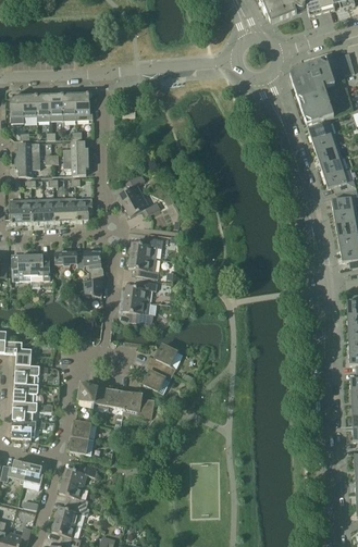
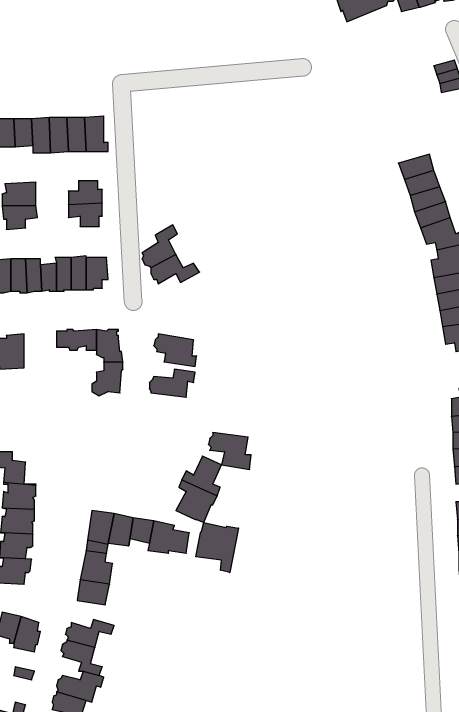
building: [289,58,334,124] -> none
building: [128,236,162,258] -> none
building: [30,253,50,278] -> none
building: [121,297,152,324] -> [208,433,251,469]
building: none -> [196,522,239,573]

